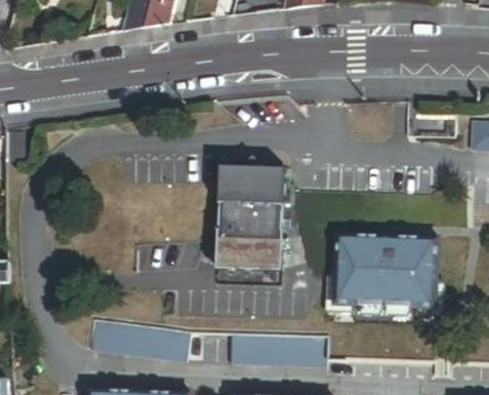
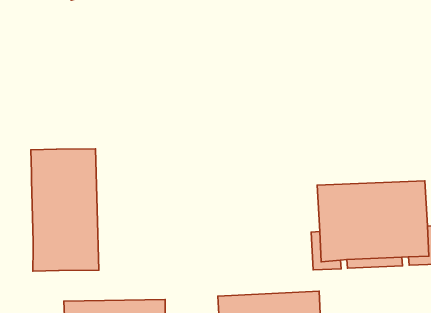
building: [219,157,288,268] -> none
building: none -> [31,149,99,271]

